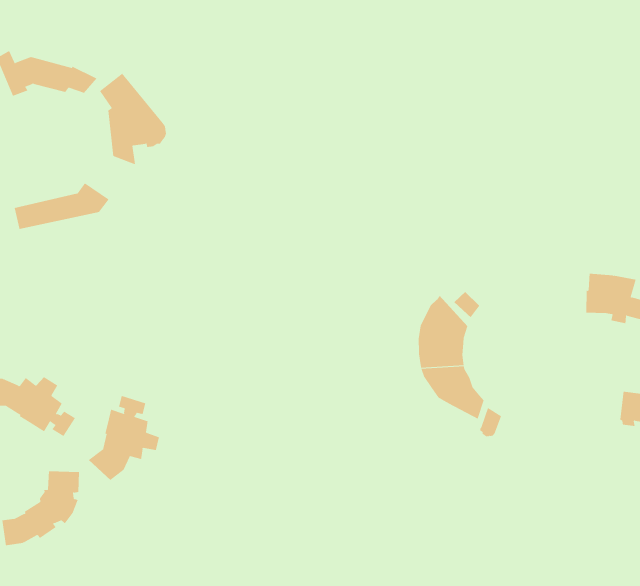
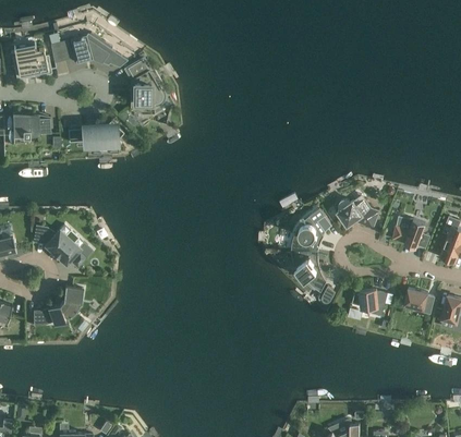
building: none -> [338,195,380,228]
building: [88,395,159,481] -> none
building: none -> [352,289,388,315]

